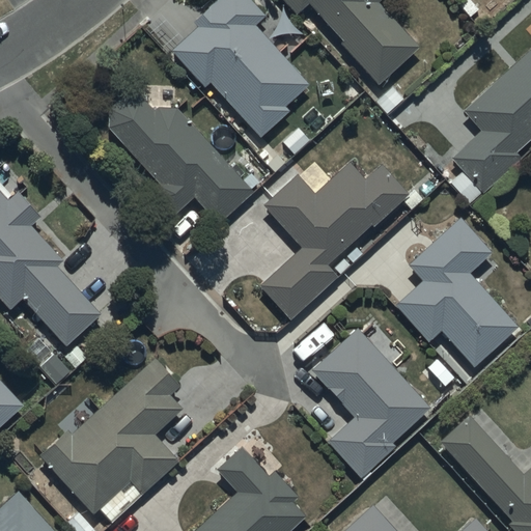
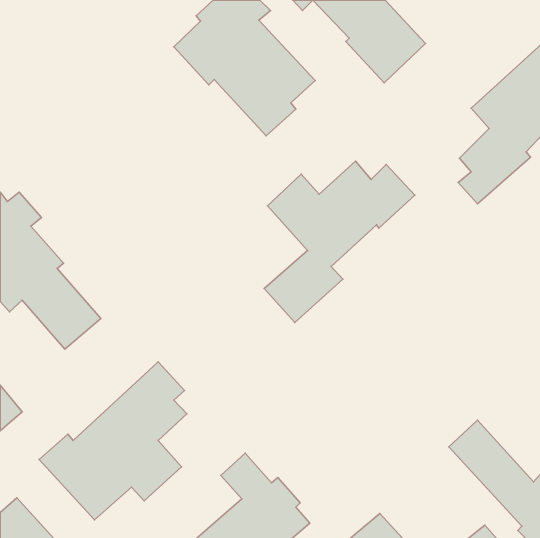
building: [109,95,253,223] -> none
building: [397,217,516,365] -> none
building: [309,327,428,477] -> none

